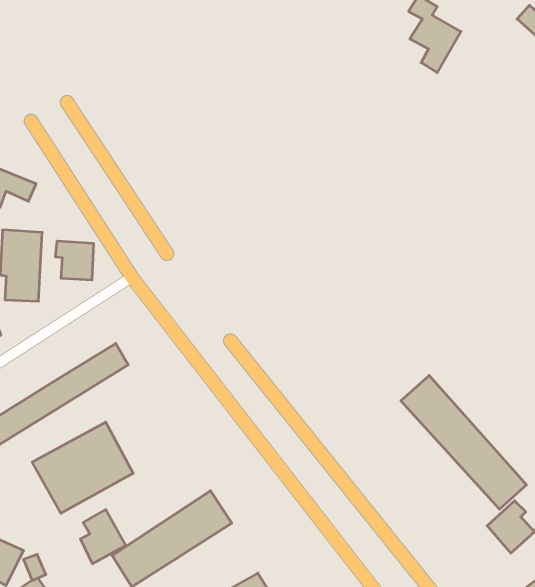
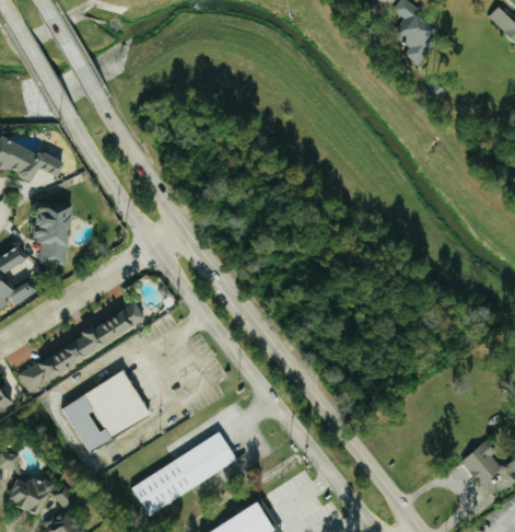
building: [56,241,93,280] -> none
building: [401,375,526,509] -> none
building: [80,510,126,564] -> none

